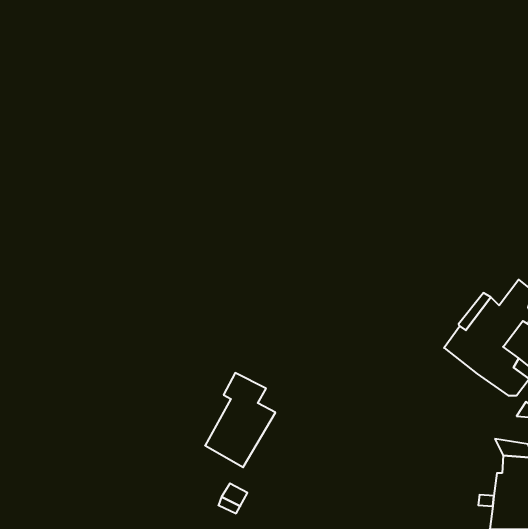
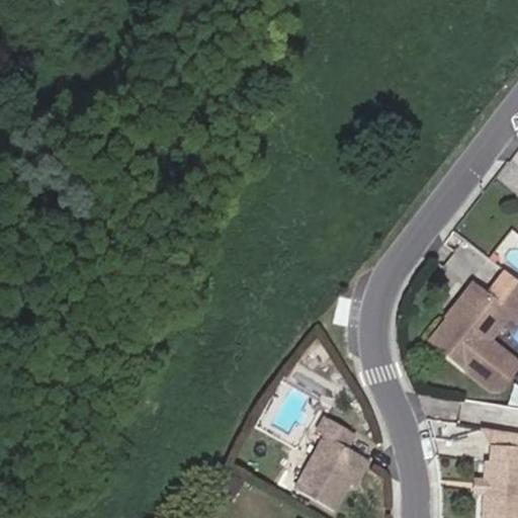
building: [205,373,275,467] -> [295,418,364,510]

